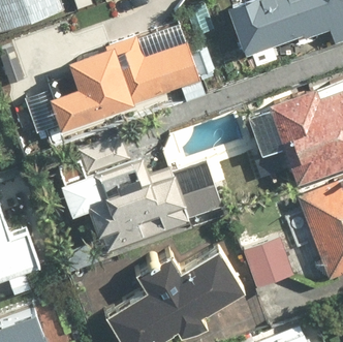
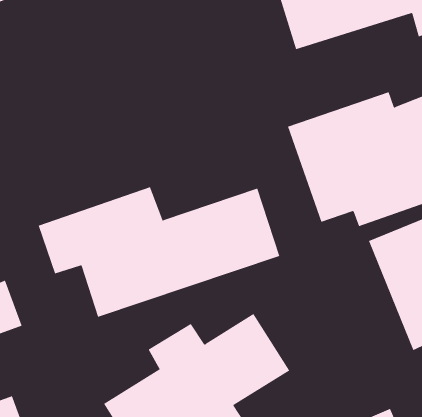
building: [46,35,200,128] -> none
building: [243,236,298,291] -> none

